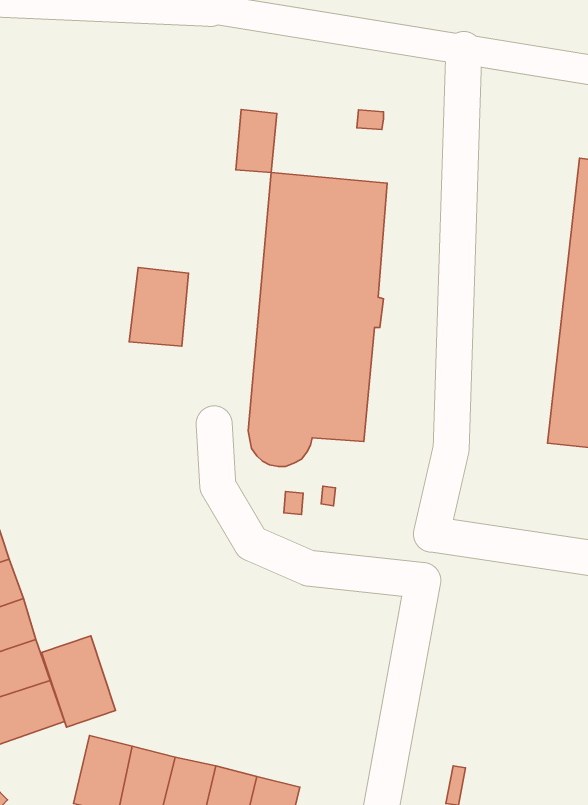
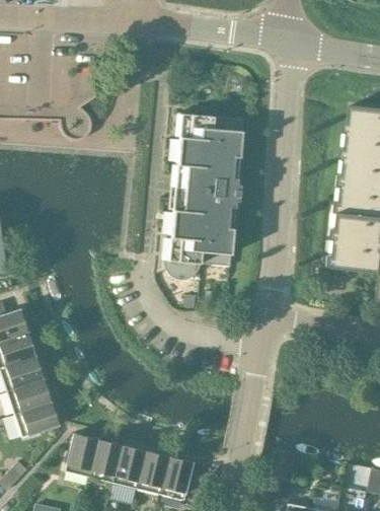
building: [236,109,277,172] -> none
building: [129,268,188,346] -> none
building: [42,636,116,727] -> none

